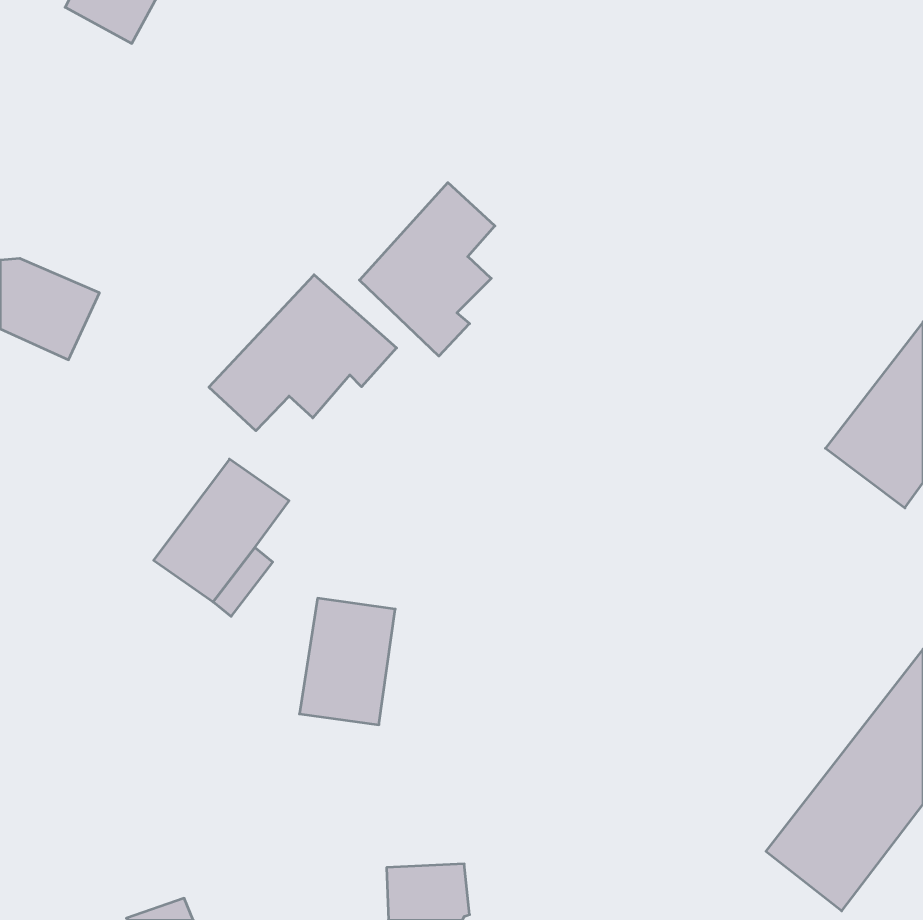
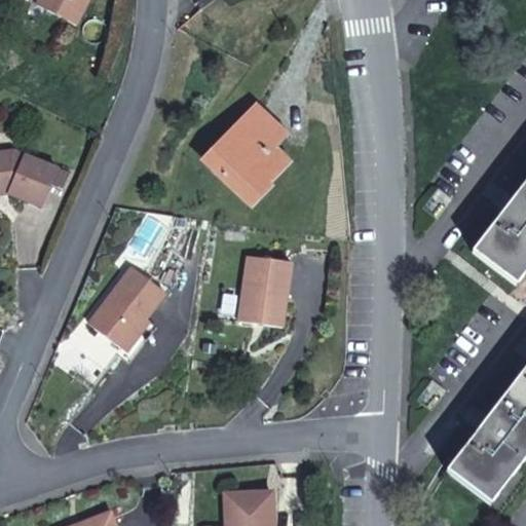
building: [209,275,397,431] -> none
building: [299,598,395,725] -> [237,250,292,322]

